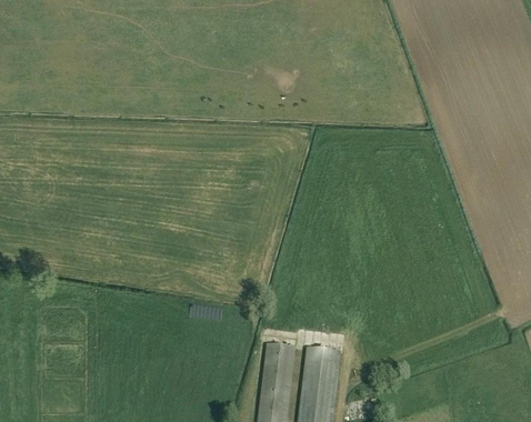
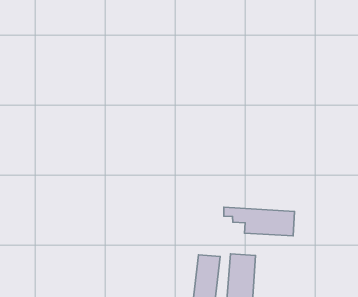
building: none -> [224,207,295,236]

